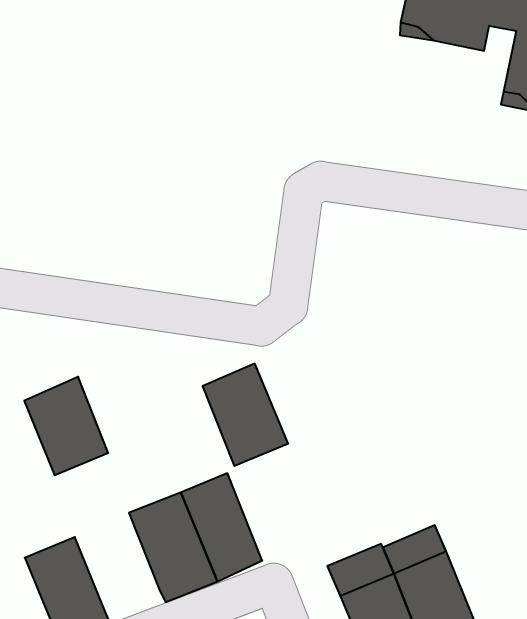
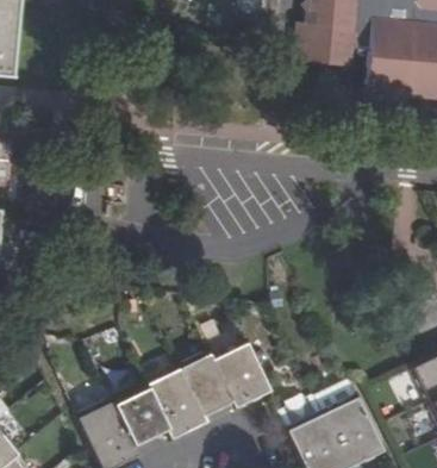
building: [203,364,288,466] -> [214,339,273,407]
building: [24,377,108,475] -> [114,381,171,447]

